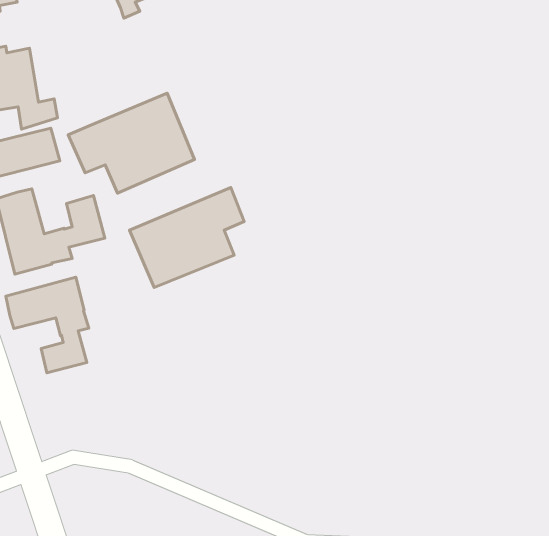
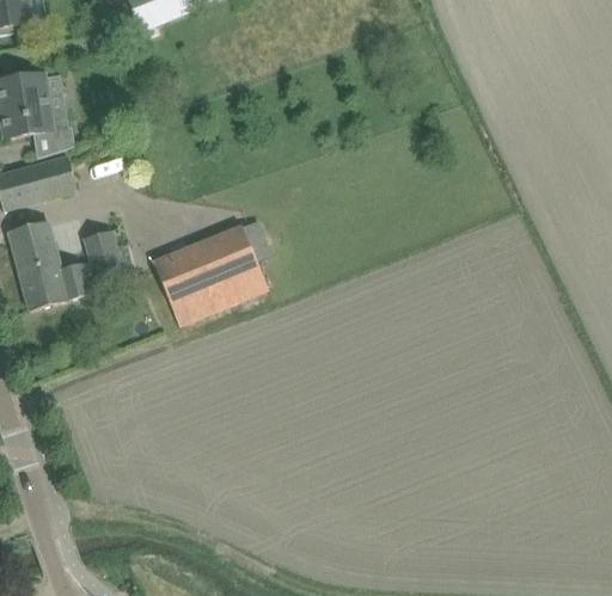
building: [68,93,194,193] -> none
building: [6,277,89,373] -> none

